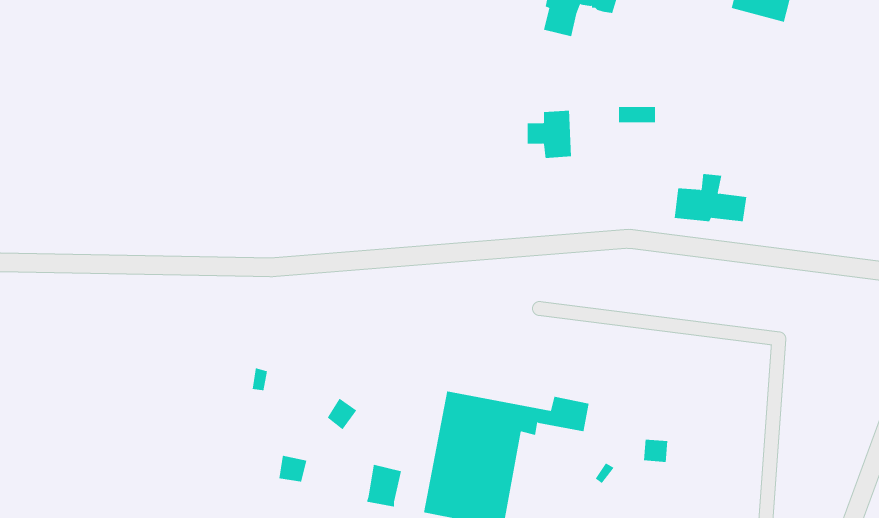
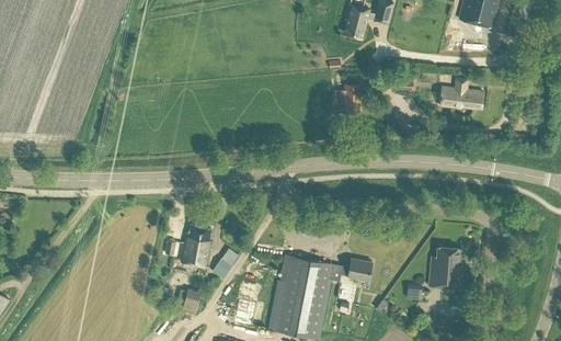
building: [674,174,747,222] -> [437,78,482,107]
building: none -> [180,225,211,266]
building: none -> [428,248,460,287]

